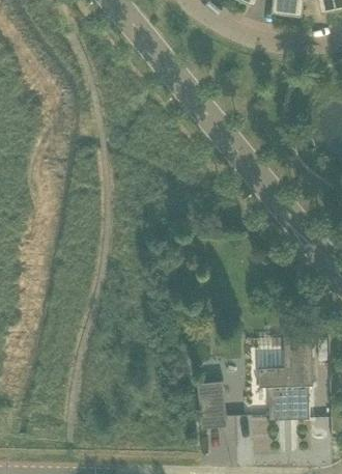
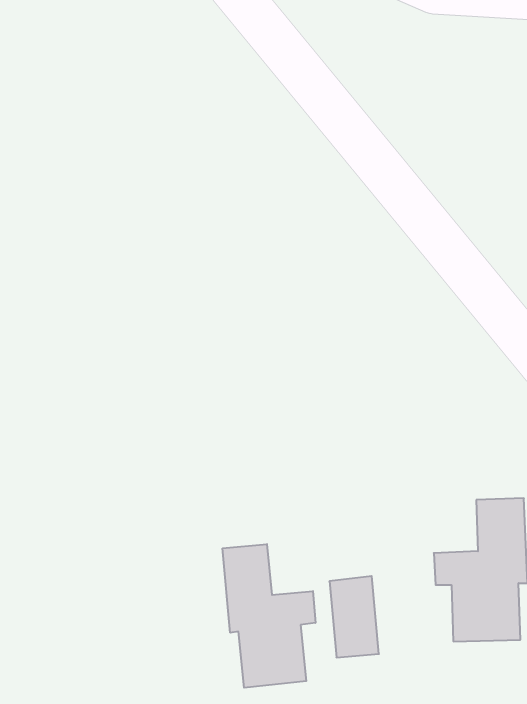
building: none -> [223,544,315,688]

